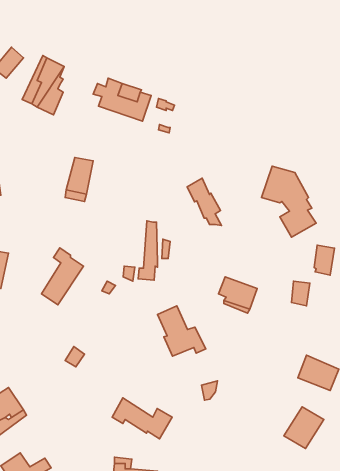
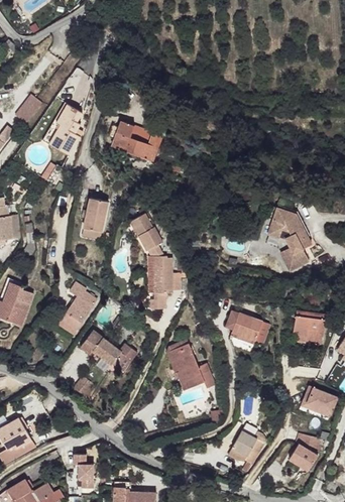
building: [187,178,221,226] -> [131,215,163,259]
building: [314,245,334,275] -> [308,317,327,345]
building: [112,398,172,439] -> [84,329,140,367]
building: none -> [227,430,253,458]
building: none -> [70,452,93,486]

